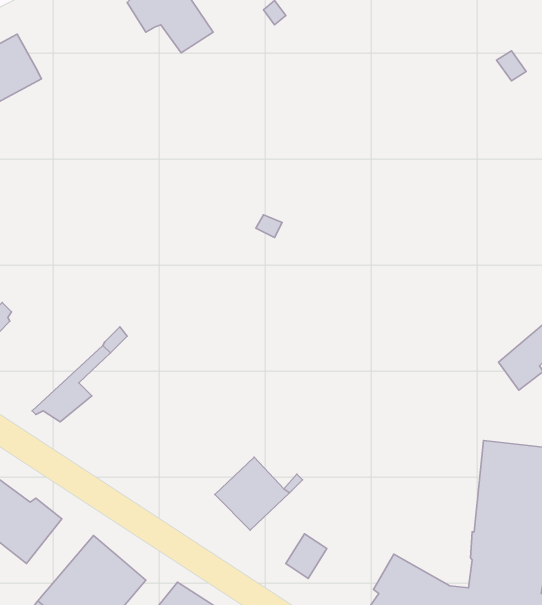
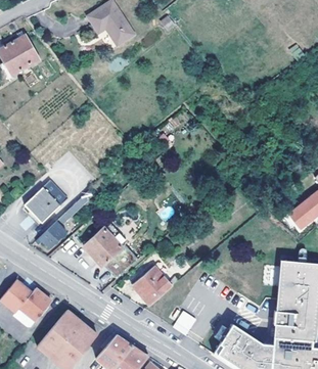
building: none -> [24,190,60,226]
building: none -> [76,219,137,278]

